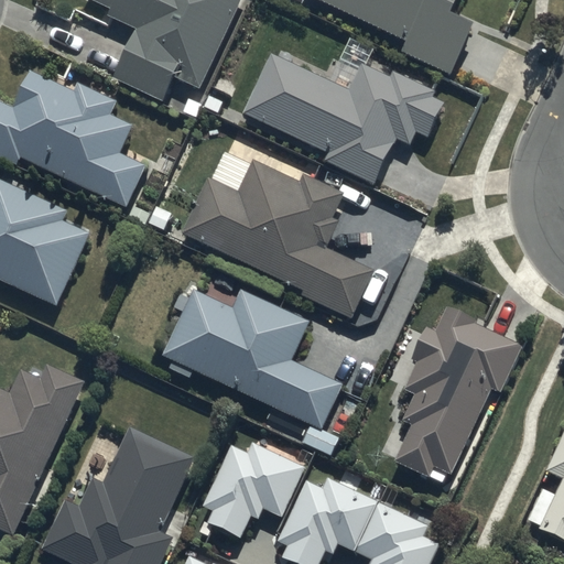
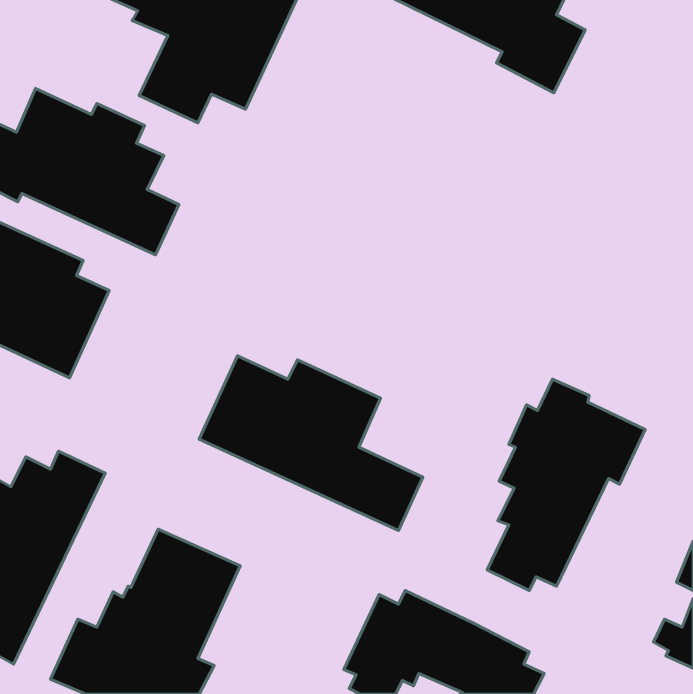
building: [243,53,444,183] -> none
building: [181,152,372,318] -> none
building: [203,444,304,535] -> none

